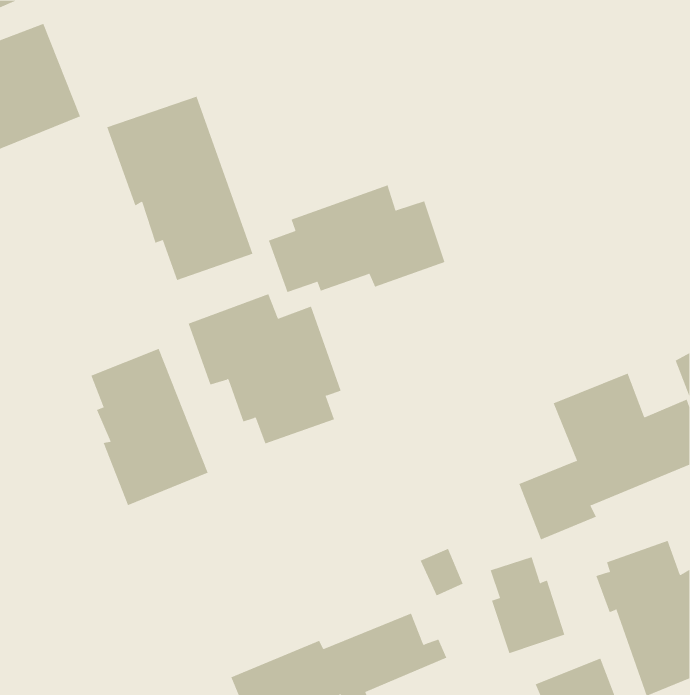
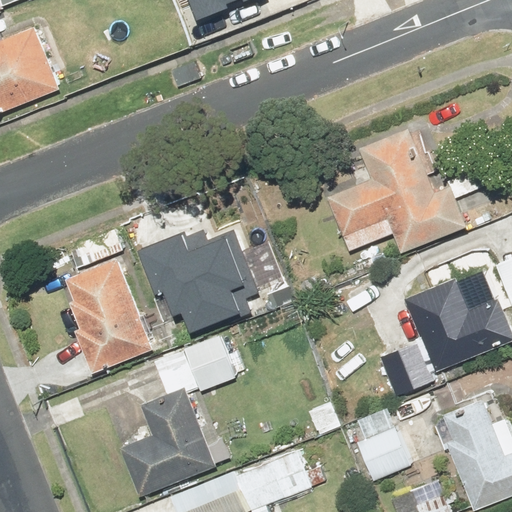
building: [107,96,253,281] -> none
building: none -> [327,128,471,251]
building: [268,185,445,293] -> none
building: none -> [117,334,238,498]

